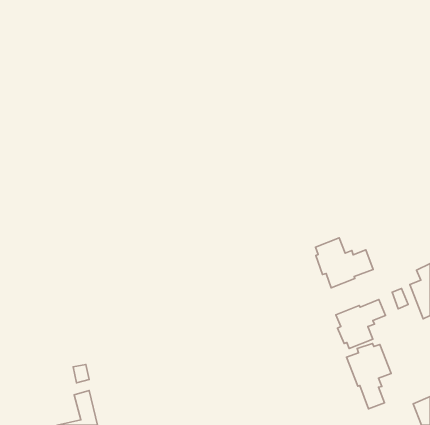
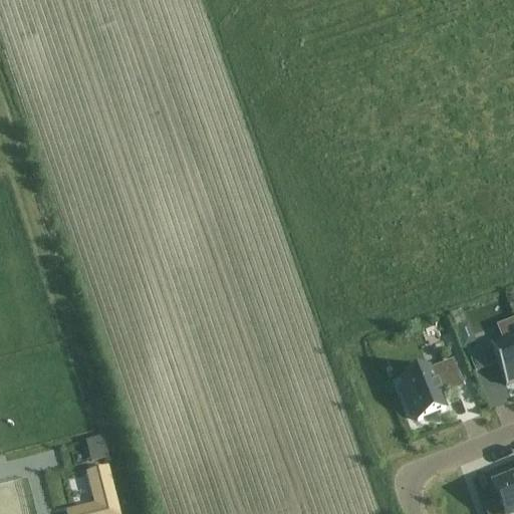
building: [316,238,373,288] -> none
building: [347,343,391,409] -> none

